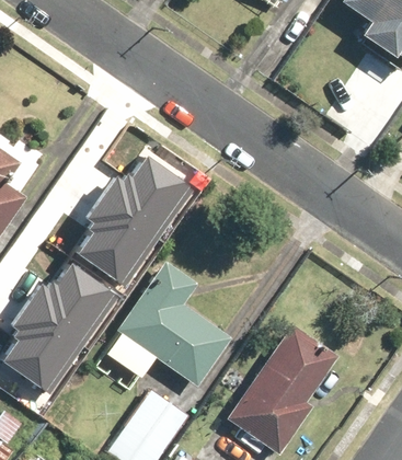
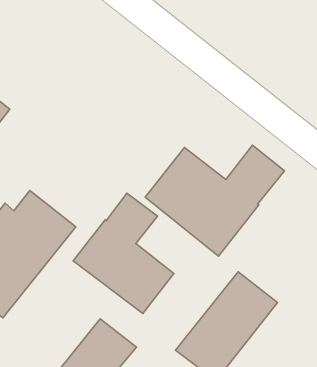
building: [70,149,192,286] -> none
building: none -> [145,145,284,256]

